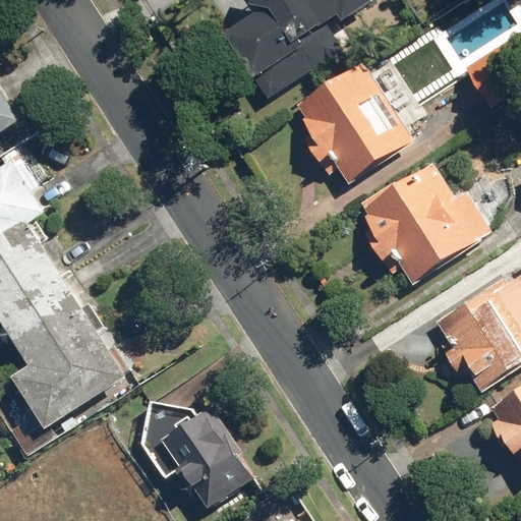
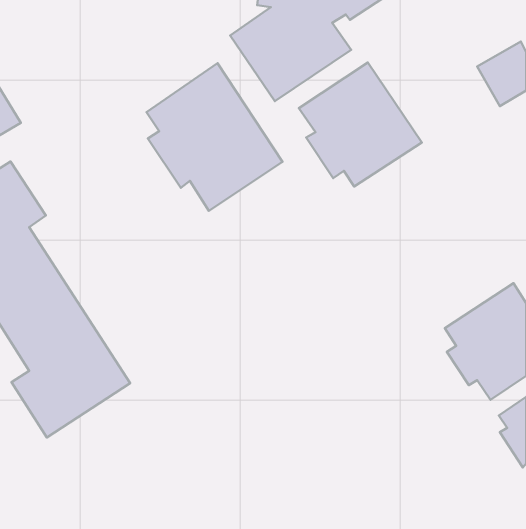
building: none -> [147,63,282,211]
building: [358,161,490,282] -> none
building: [163,406,257,507] -> none

